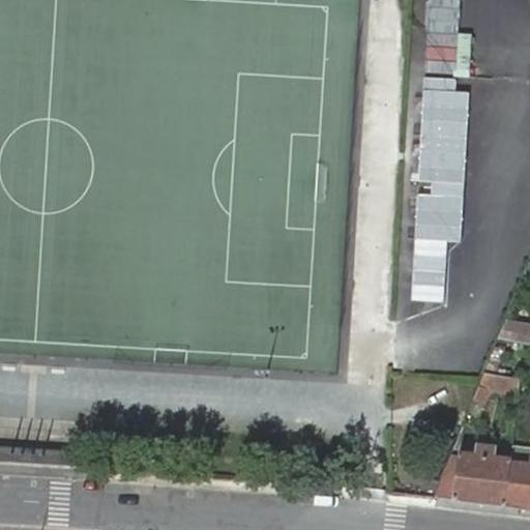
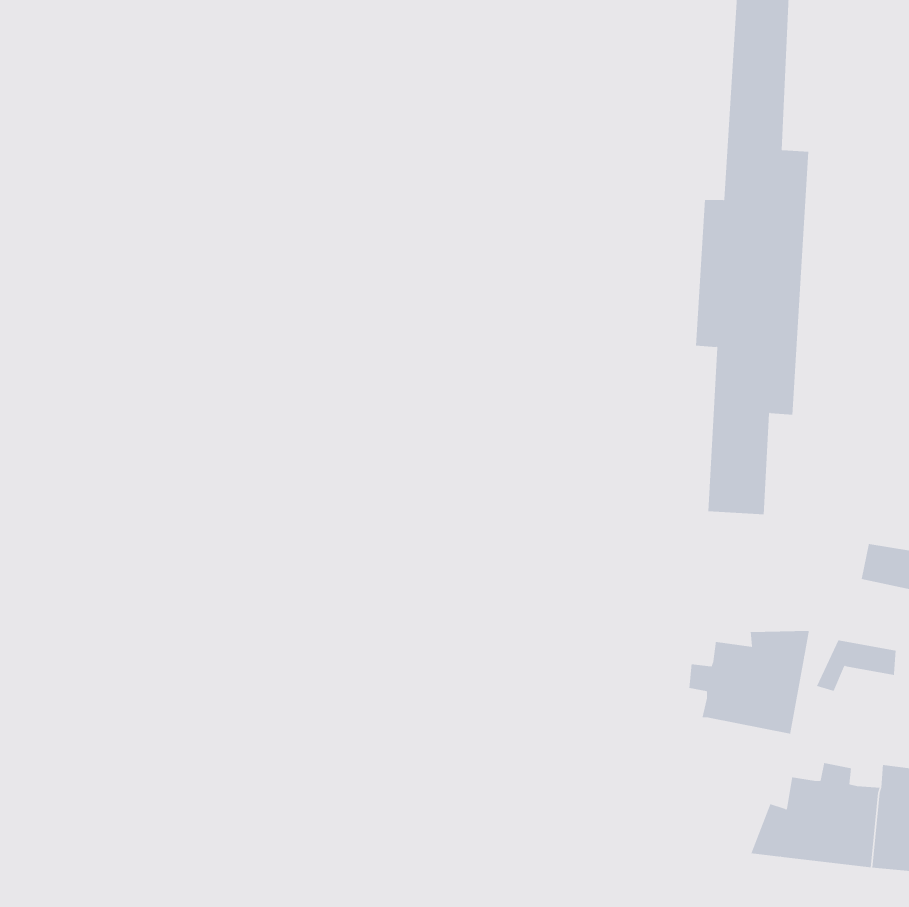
building: none -> [689,630,810,735]

